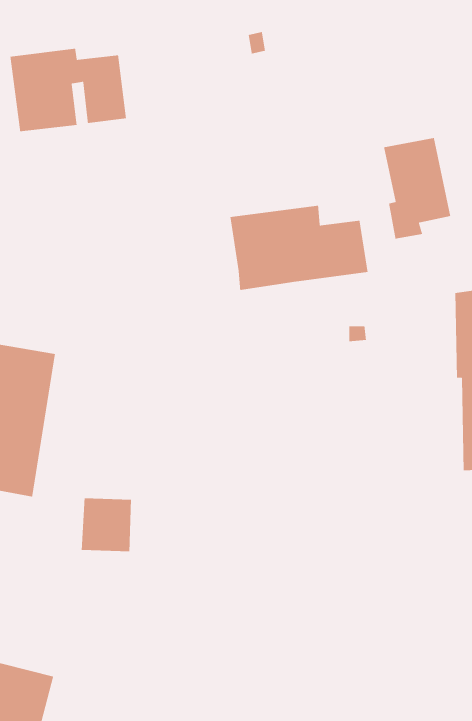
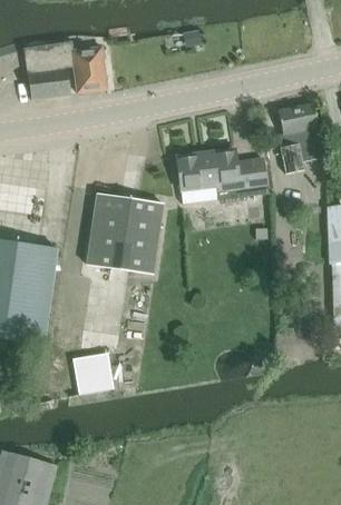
building: none -> [86,194,164,276]

